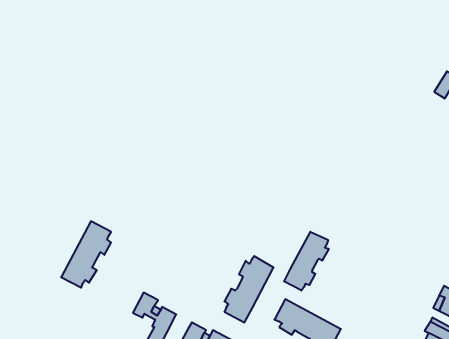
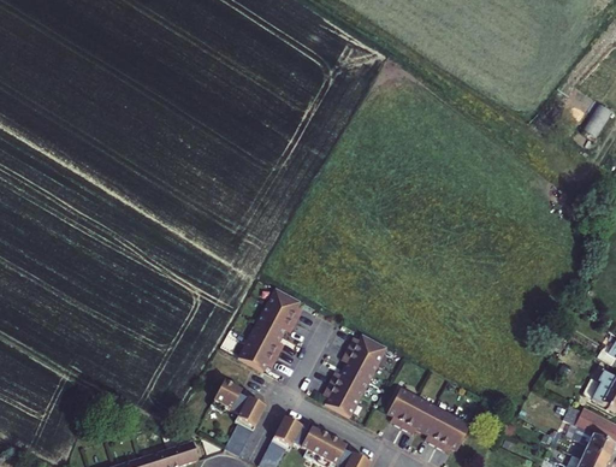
building: [61,221,111,288] -> [239,286,302,370]
building: [284,232,329,291] -> none

